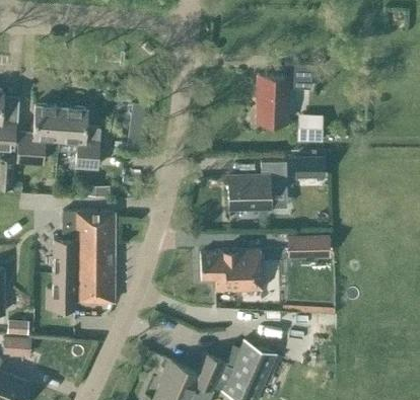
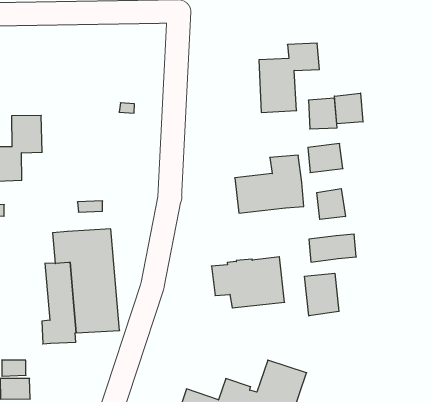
building: [60,107,100,167] -> none
building: none -> [334,93,363,124]
building: none -> [317,189,345,219]
building: none -> [305,273,339,316]

